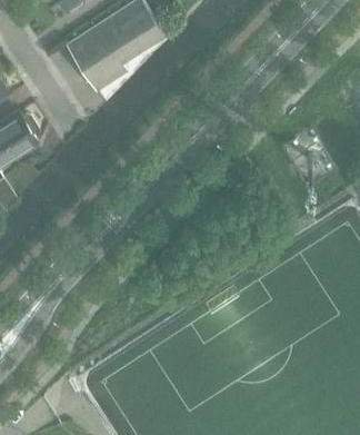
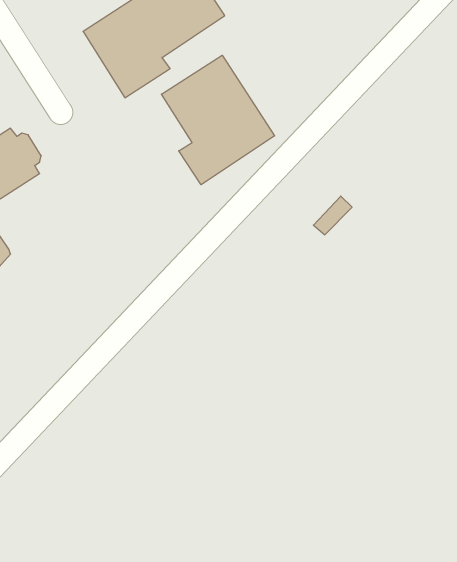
building: none -> [161,55,275,185]

